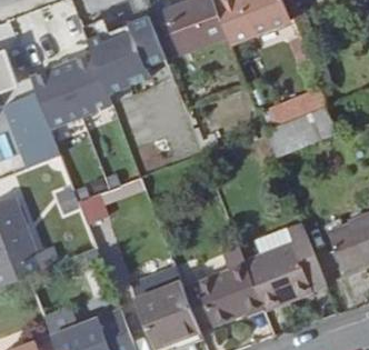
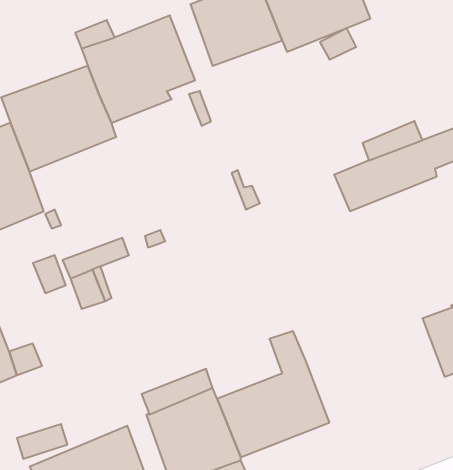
building: [245,223,326,309] -> none

